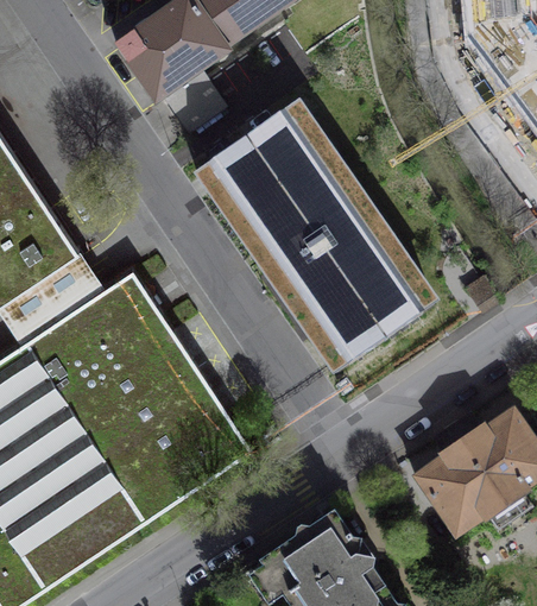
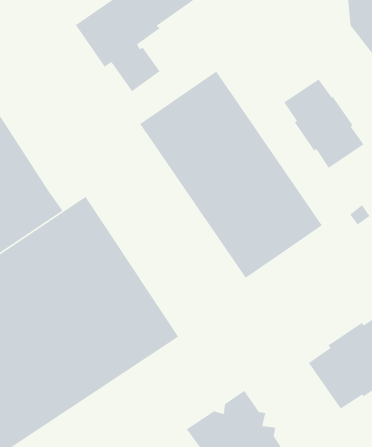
building: none -> [283,78,364,169]

